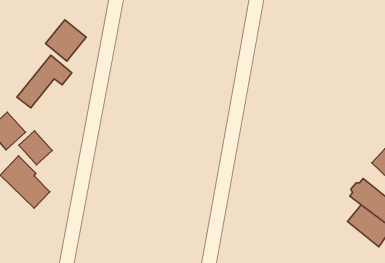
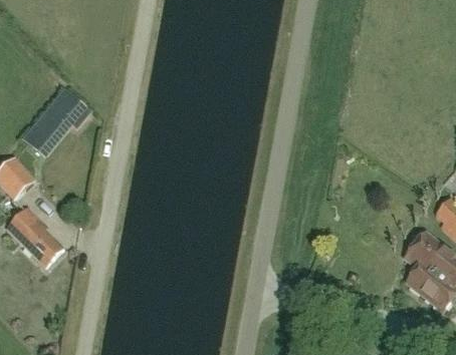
building: [45,20,86,61] -> none
building: [19,131,52,165] -> none

